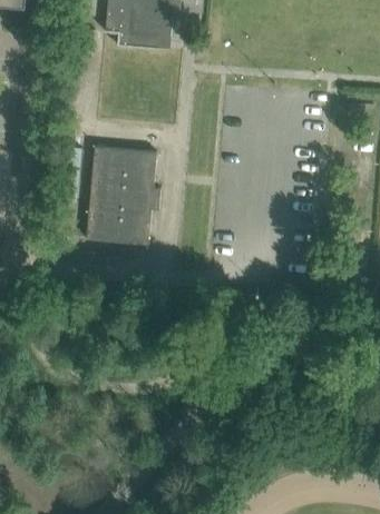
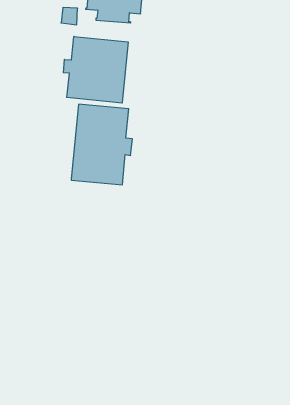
building: none -> [63,36,128,103]

